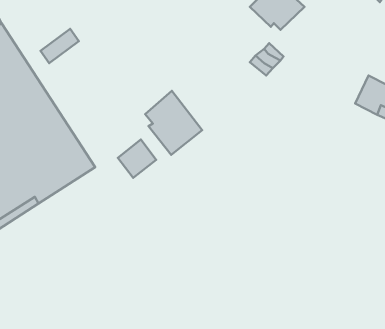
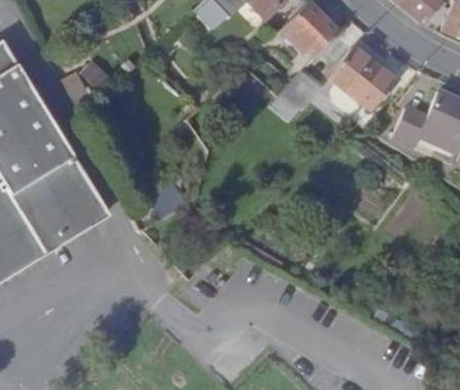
building: none -> [329,46,394,107]
building: [145,91,202,155] -> none

